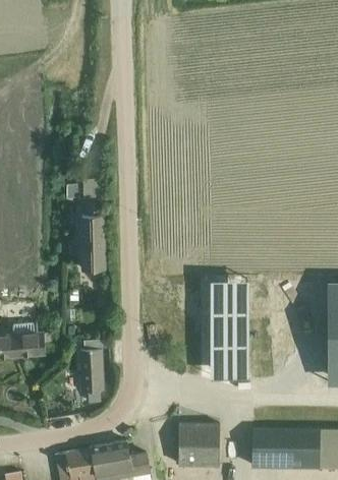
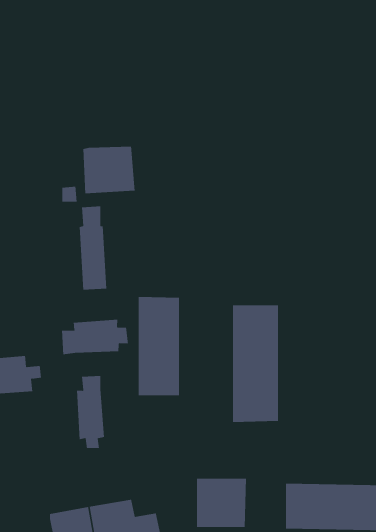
building: none -> [83,146,135,194]
building: none -> [138,296,180,396]
building: none -> [62,319,128,355]

